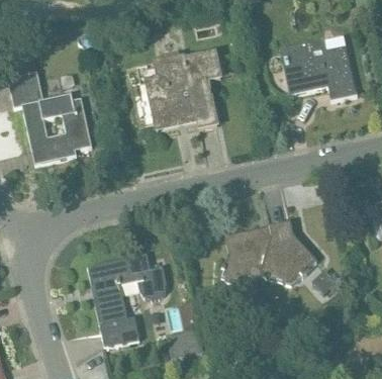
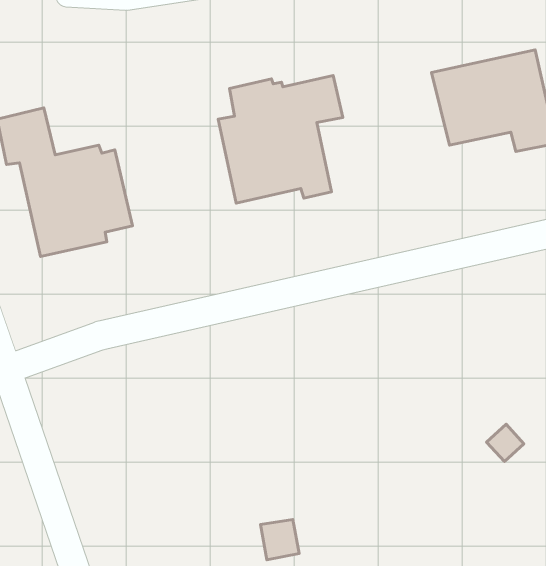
building: [221,221,316,290] -> none
building: [88,252,167,347] -> none

